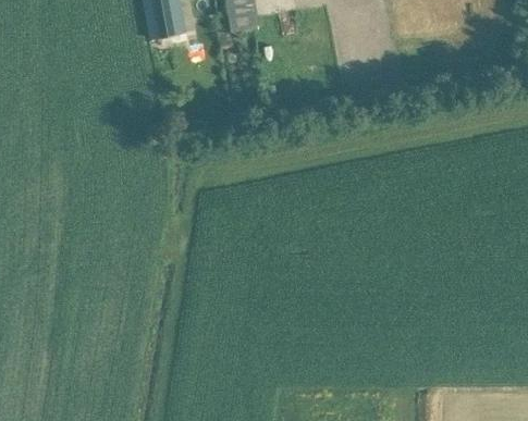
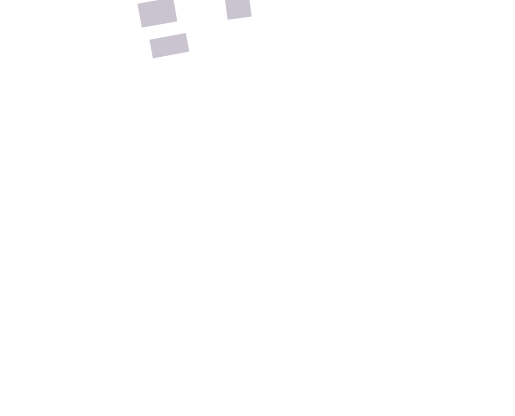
building: none -> [149,32,190,59]

